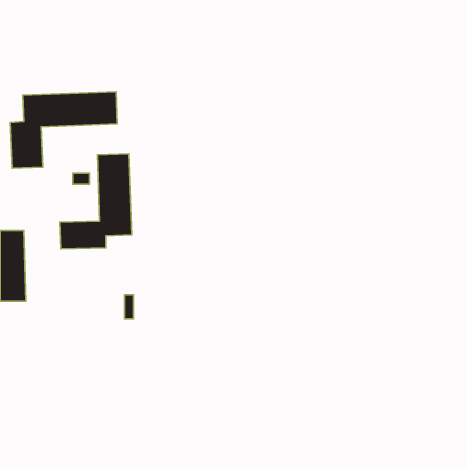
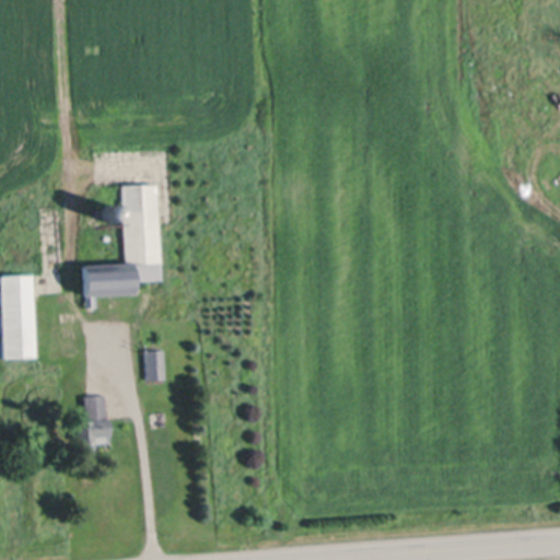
building: [10,92,117,168] -> none
building: none -> [81,397,106,444]

